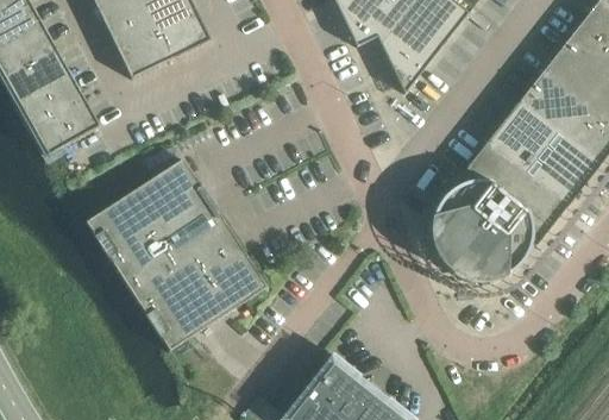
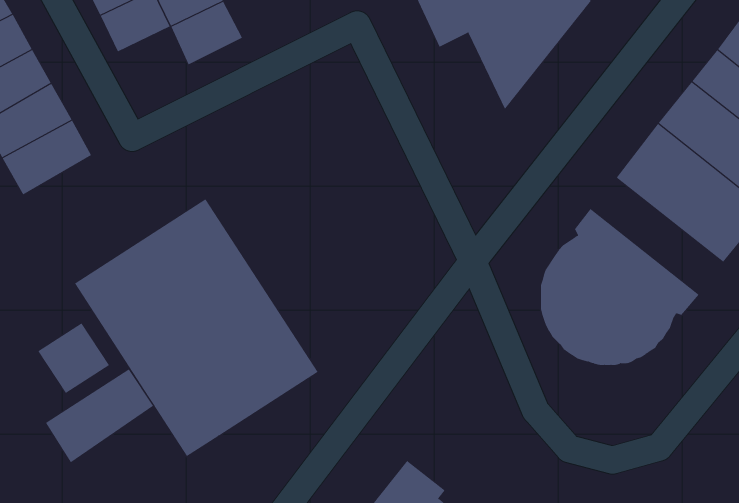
building: [118,30,170,77] -> none
building: [467,142,566,228] -> none
building: none -> [38,322,110,394]
building: none -> [45,368,154,463]

